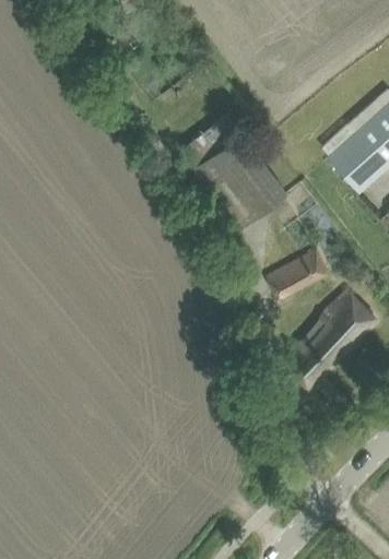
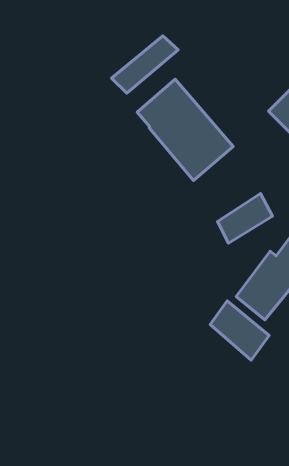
building: none -> [111,36,178,93]
building: none -> [210,301,269,360]

